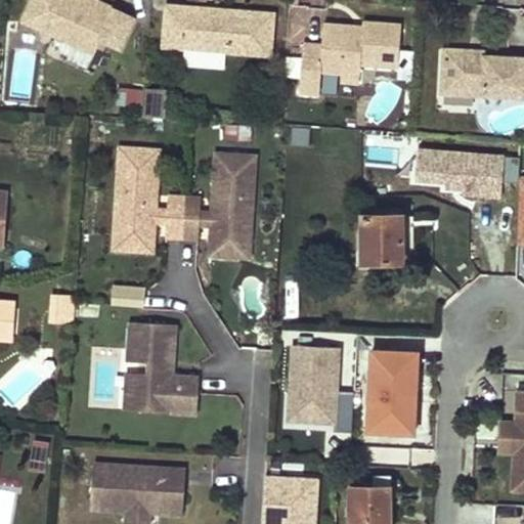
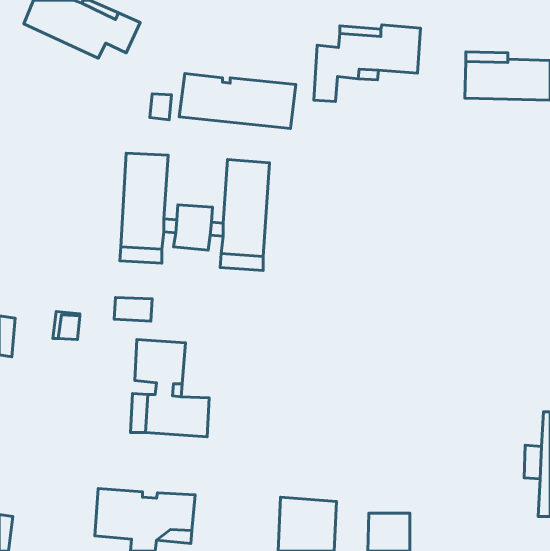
building: [163,7,273,59] -> [179,74,296,129]
building: [403,143,504,194] -> none
building: [362,215,402,263] -> none
building: [283,340,353,430] -> none
building: [365,344,420,437] -> none

